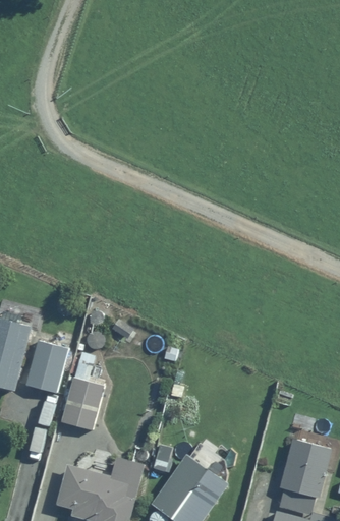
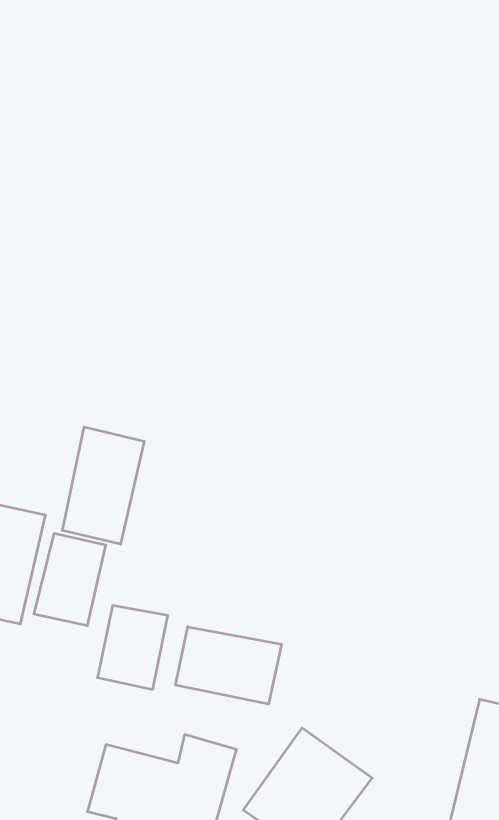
building: none -> [62,427,144,544]
building: none -> [176,627,281,704]

